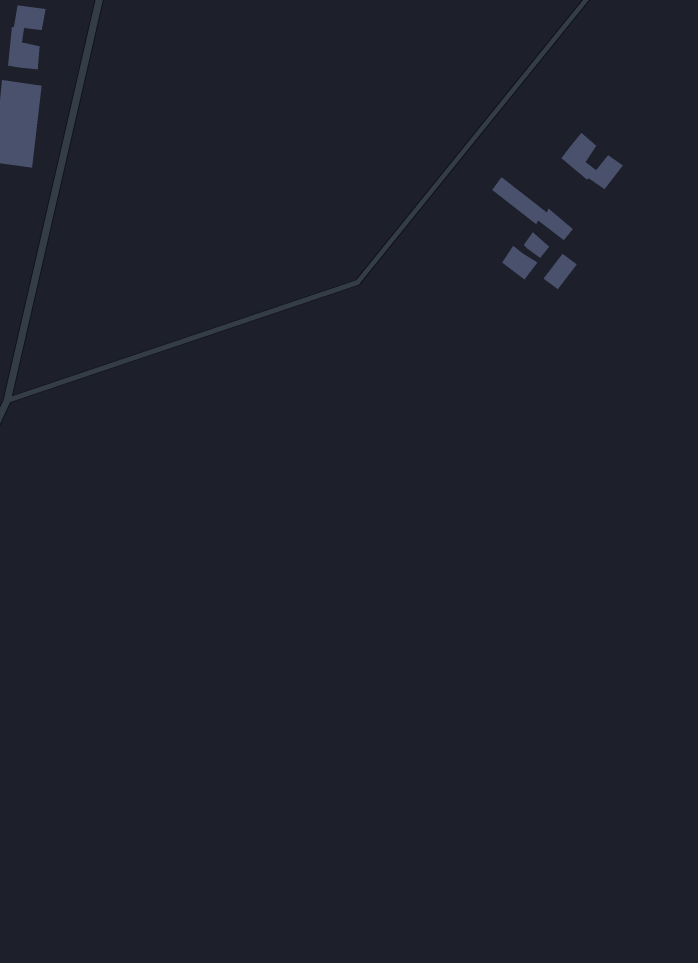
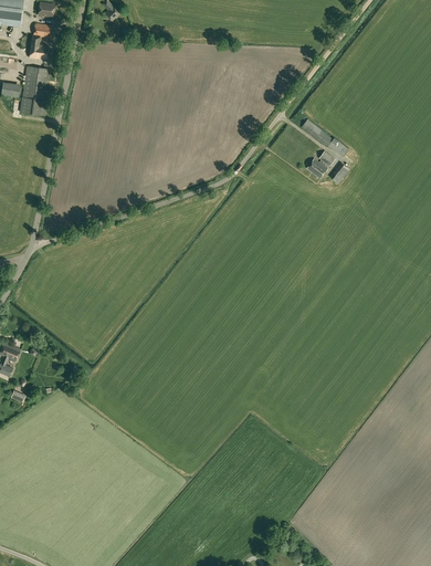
building: [561,132,624,190] -> none

